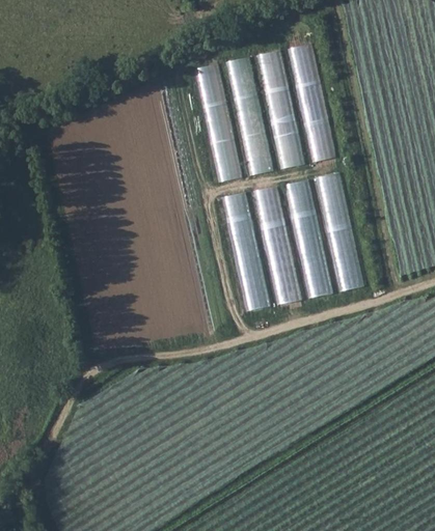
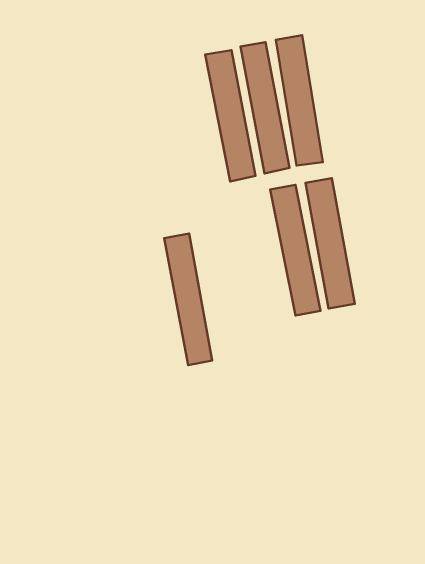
building: [290,44,334,162] -> none
building: [318,172,361,290] -> none
building: [224,191,268,310] -> [164,233,212,365]

